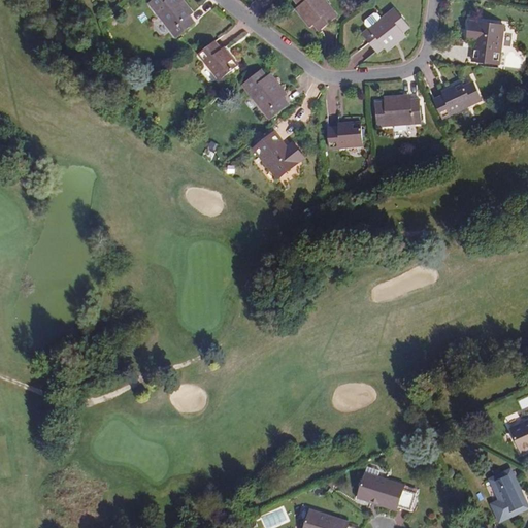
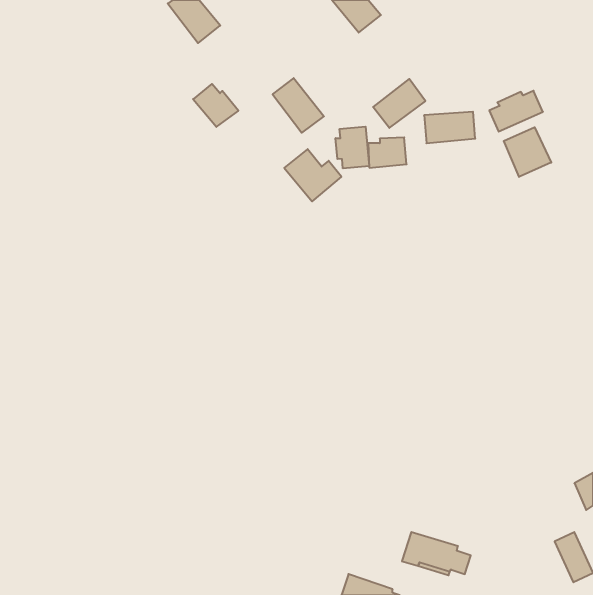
building: [362,6,408,50] -> [373,79,425,128]
building: [466,20,502,64] -> none
building: [198,41,238,79] -> [193,84,238,127]
building: none -> [336,127,369,168]
building: none -> [504,127,551,177]

